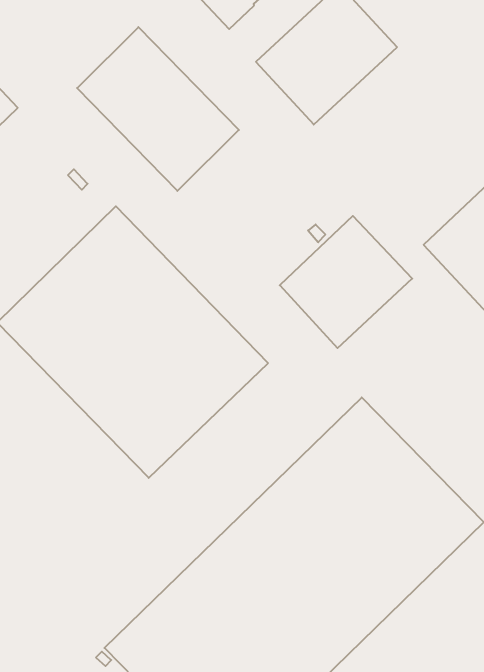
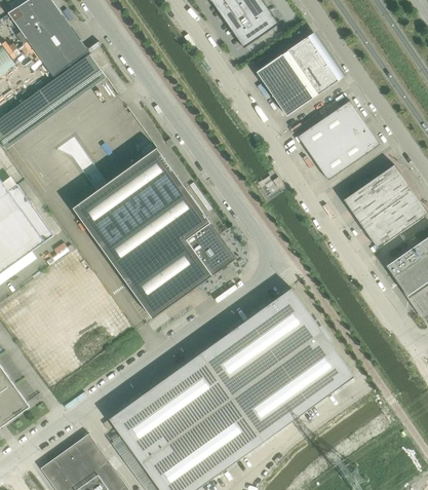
building: [77,27,239,191] -> none
building: [280,216,412,348] -> [297,100,379,180]

